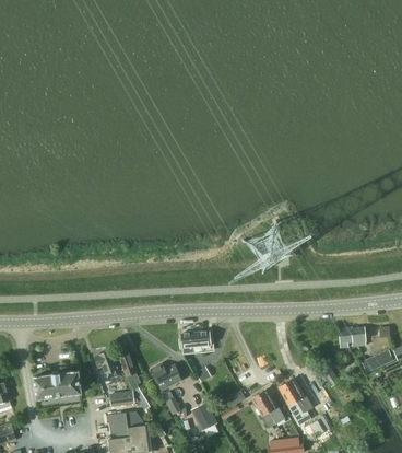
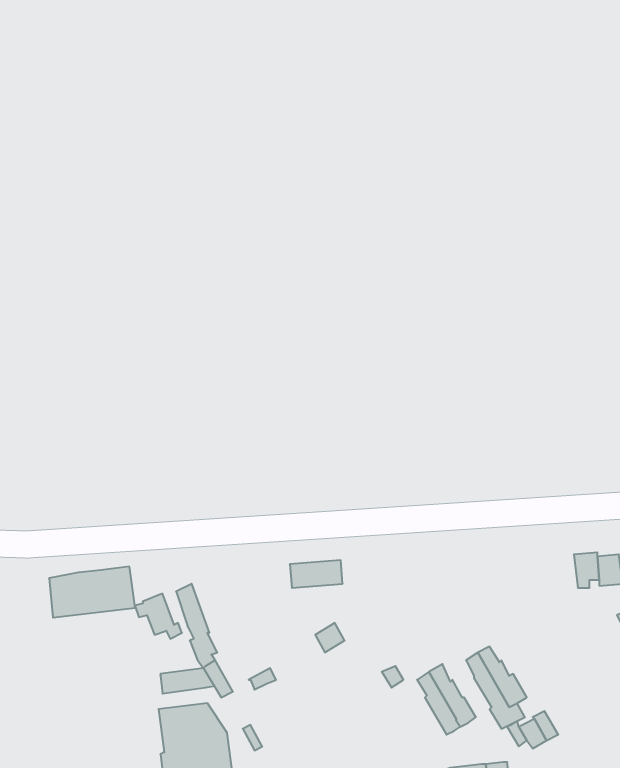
building: [149,363,181,390] -> none
building: [33,370,81,398] -> [49,567,135,618]
building: [190,402,217,431] -> none

